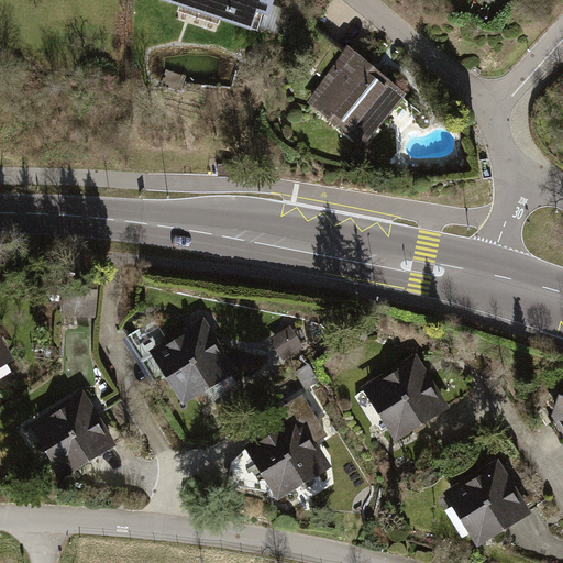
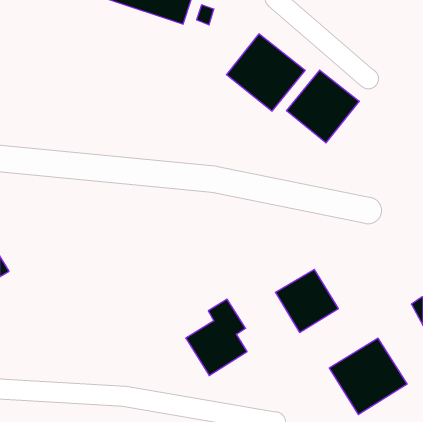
building: none -> [287,70,359,143]
building: [152,320,233,402] -> none
building: [32,394,113,474] -> none

